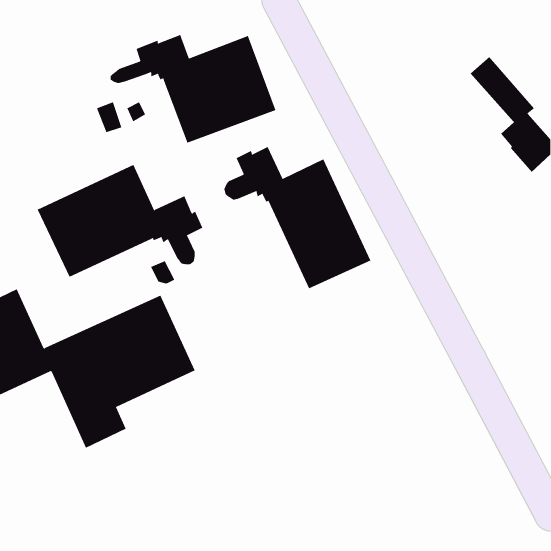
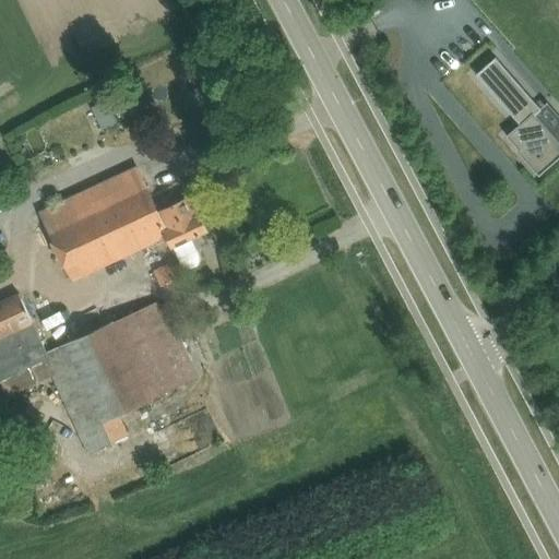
building: [110,34,276,144] -> none
building: [224,146,371,289] -> none

